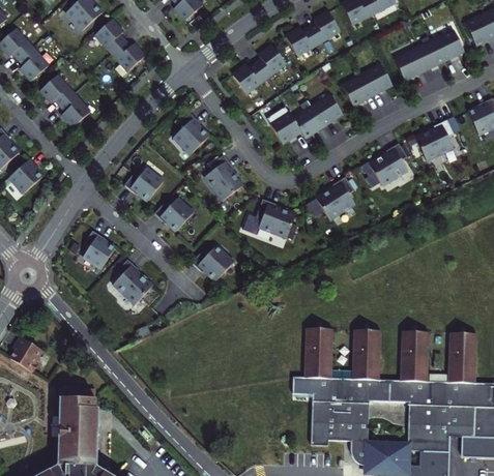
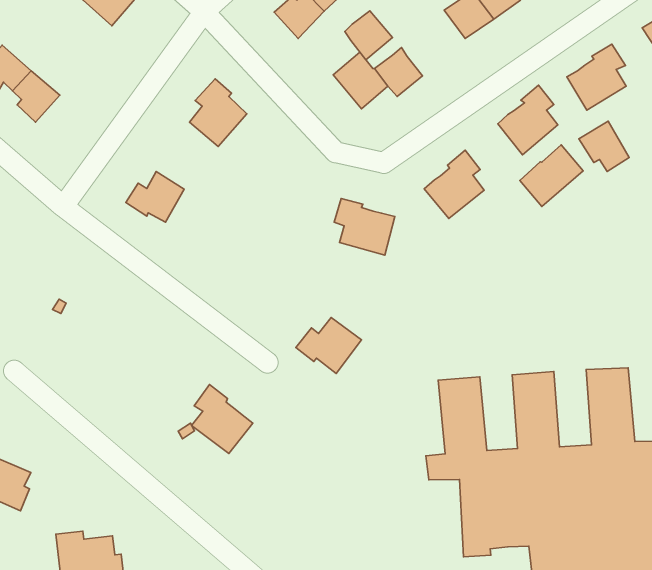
building: [312,95,342,126] -> [345,11,392,60]
building: [204,155,242,201] -> none
building: none -> [579,121,629,171]
building: none -> [520,145,583,207]
building: [154,198,194,231] -> none
building: [83,230,115,268] -> none
building: [192,245,234,281] -> [296,318,361,374]
building: [113,259,152,304] -> [192,385,253,454]

